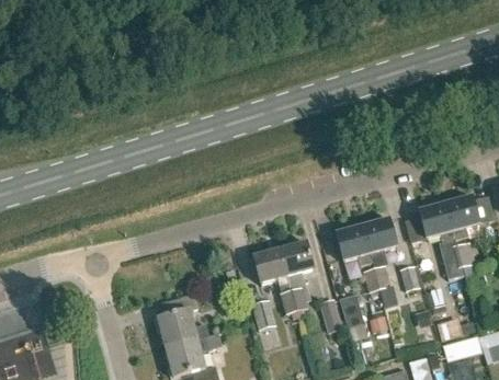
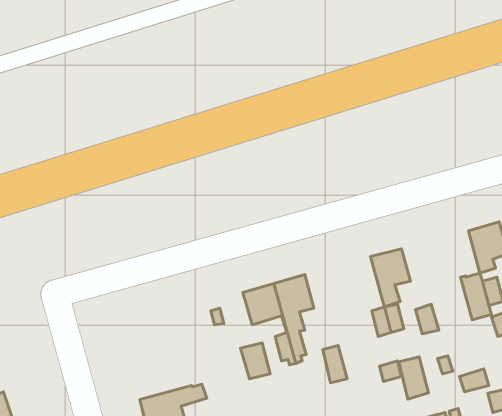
building: [419,204,455,243] -> none
building: [336,226,372,265] -> none
building: [339,292,364,329] -> [399,357,428,399]
building: [155,293,209,347] -> none

